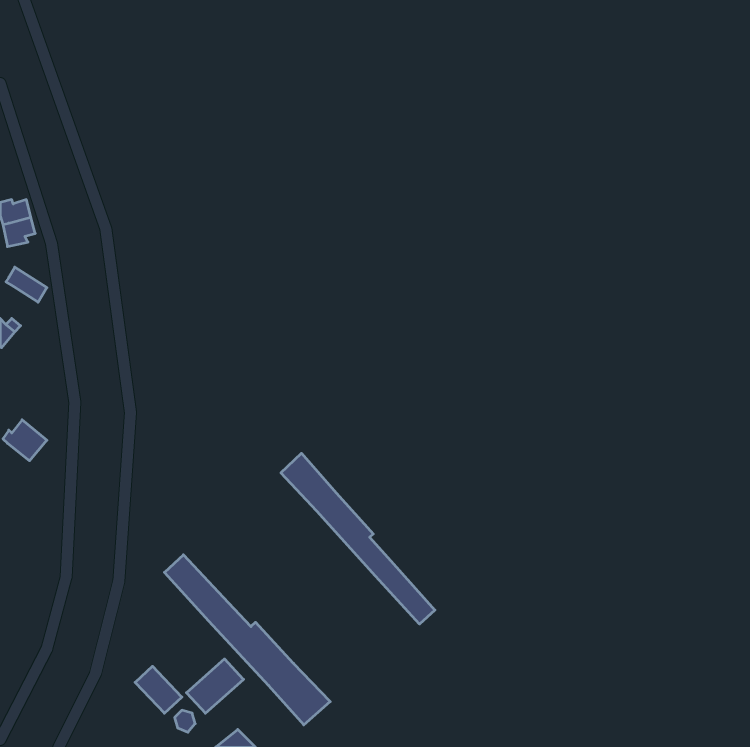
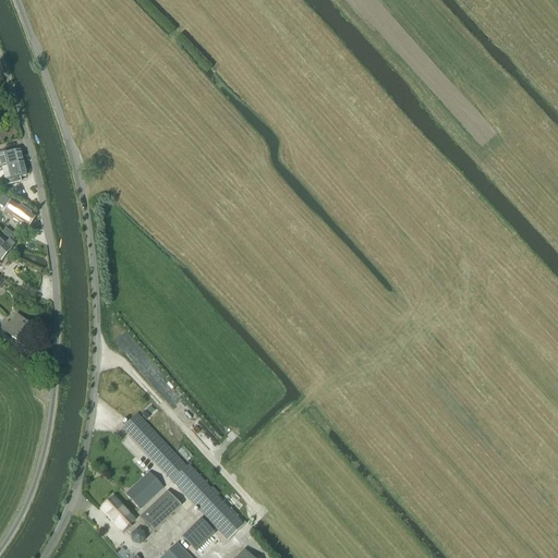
building: [281,453,435,624] -> none
building: none -> [125,470,163,508]
building: none -> [182,517,215,549]

